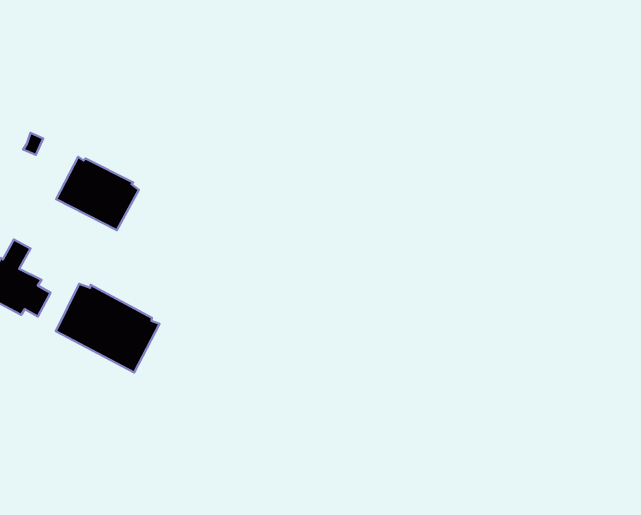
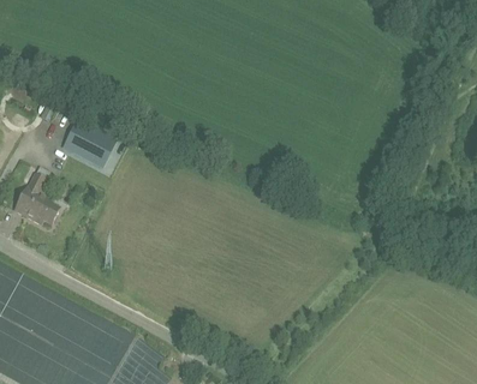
building: [56,284,159,372] -> none

